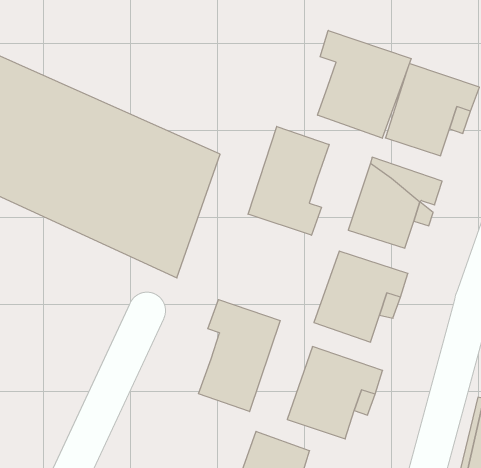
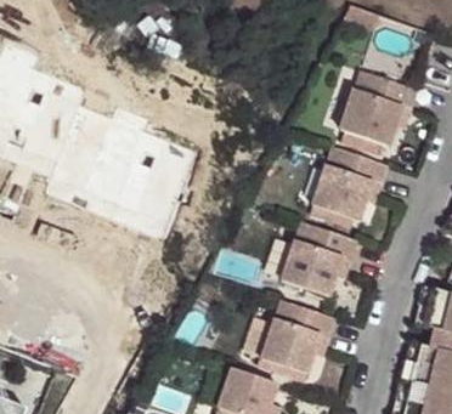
building: [318,30,411,138] -> none
building: [248,126,329,235] -> none
building: [199,300,280,412] -> none

